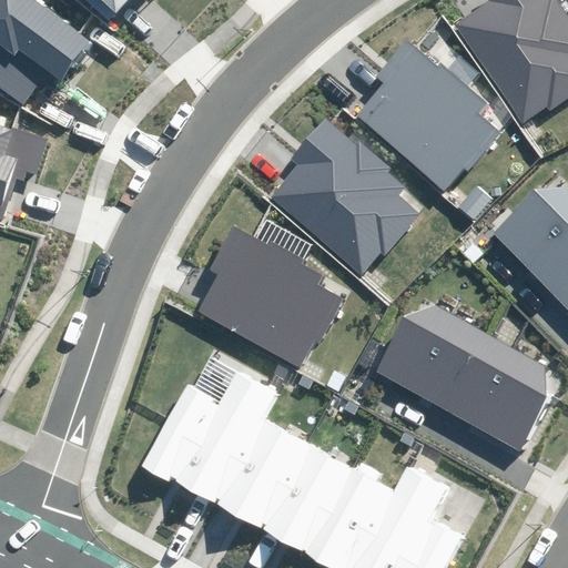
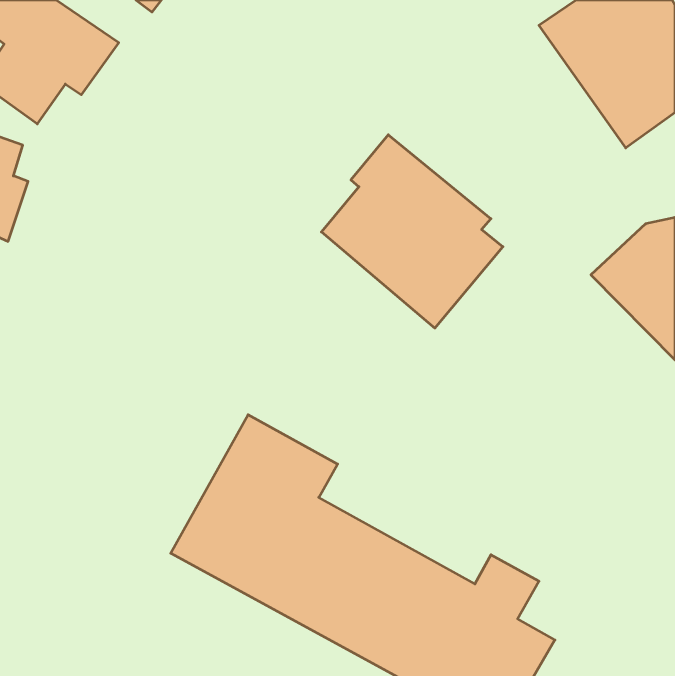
building: [355,36,499,192] -> none
building: [200,226,347,363] -> none
building: [375,305,551,452] -> none

